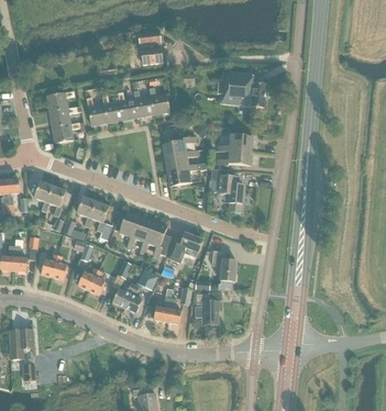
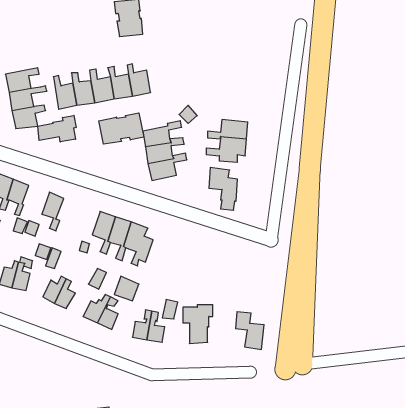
building: [218,71,266,108] -> none
building: none -> [99,113,144,144]
building: none -> [38,115,76,142]
building: [89,202,112,241] -> none
building: [168,234,202,263] -> none
building: [212,251,236,282] -> [236,312,264,349]

